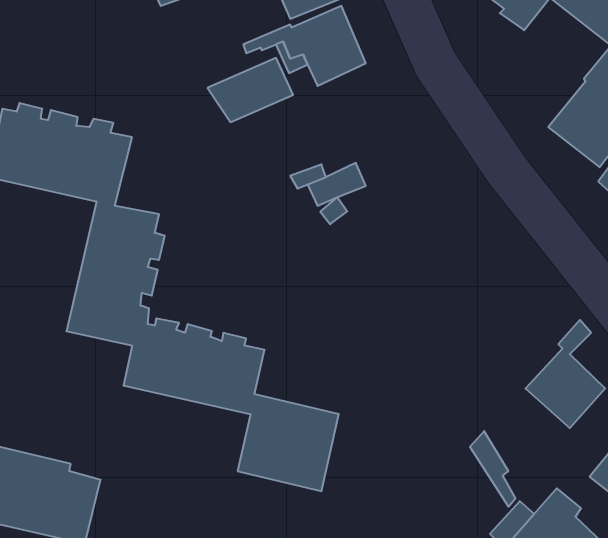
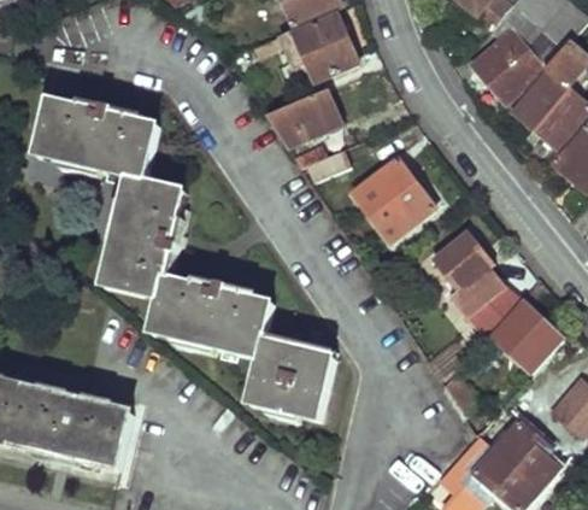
building: none -> [474,36,542,102]
building: [208,58,293,122] -> [266,89,339,143]
building: none -> [354,158,436,241]
building: none -> [433,231,521,339]

